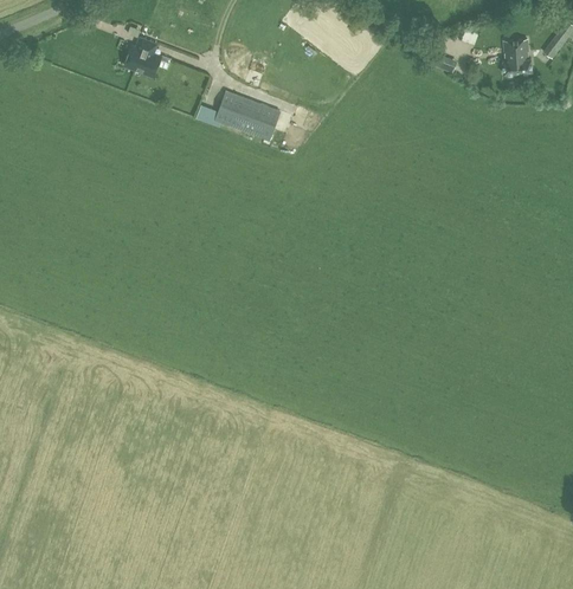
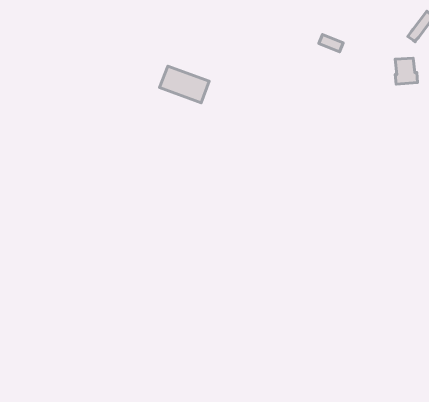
building: [124,37,161,76] -> none
building: [503,39,533,73] -> [395,58,418,84]

